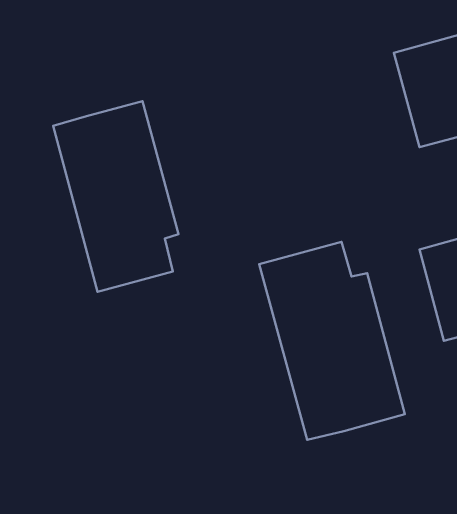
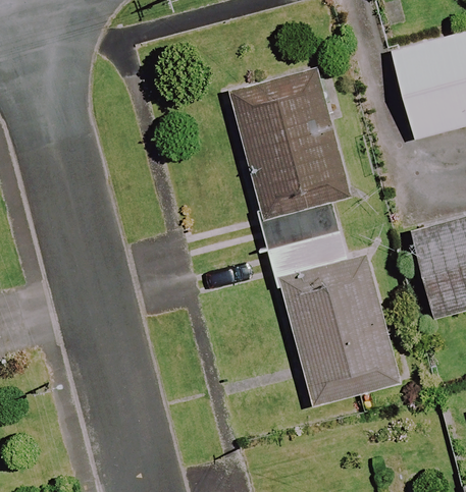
building: none -> [227,67,350,245]
building: [53,101,179,292] -> none

